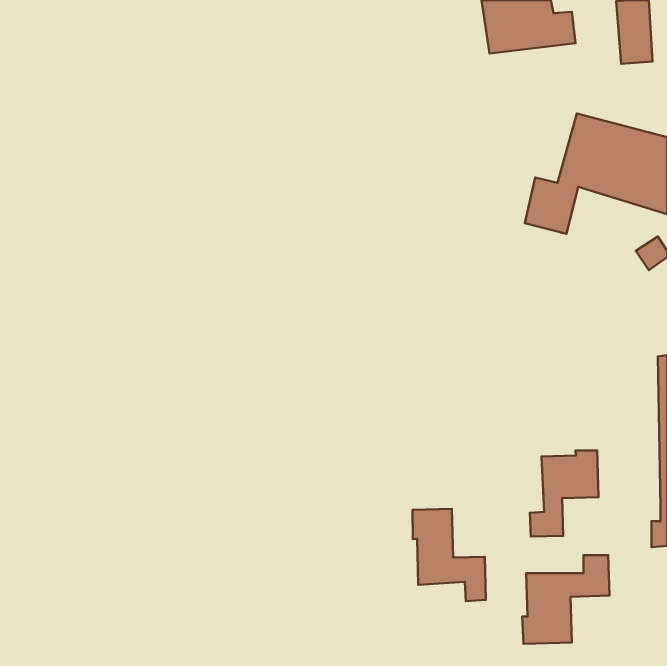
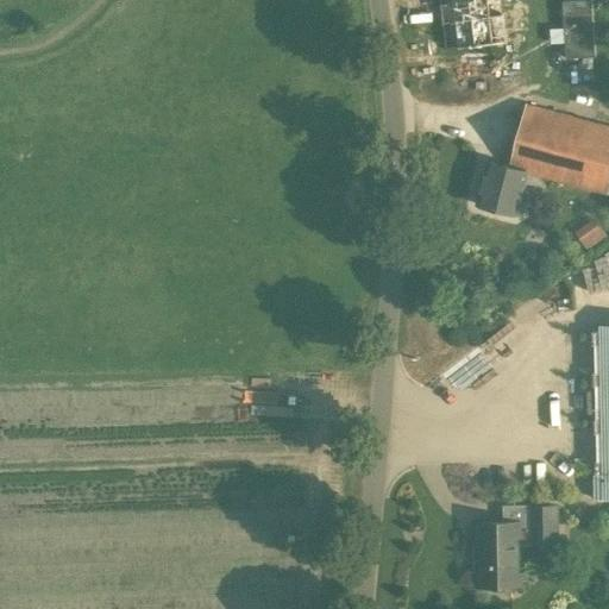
building: [530,451,599,537] -> none
building: [413,509,486,601] -> none

